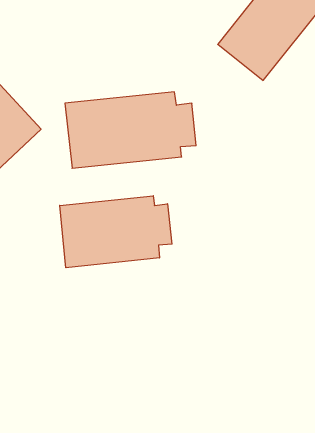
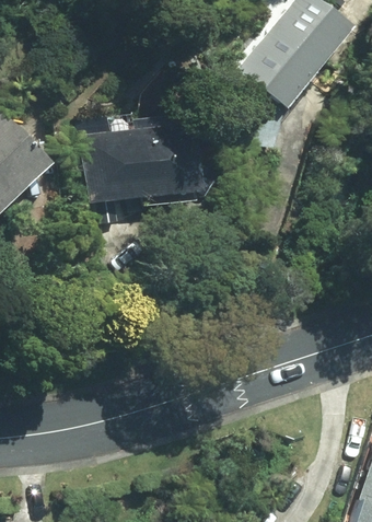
building: [60,196,172,268] -> none

